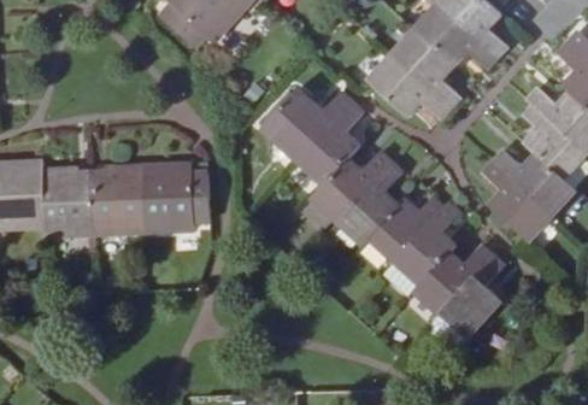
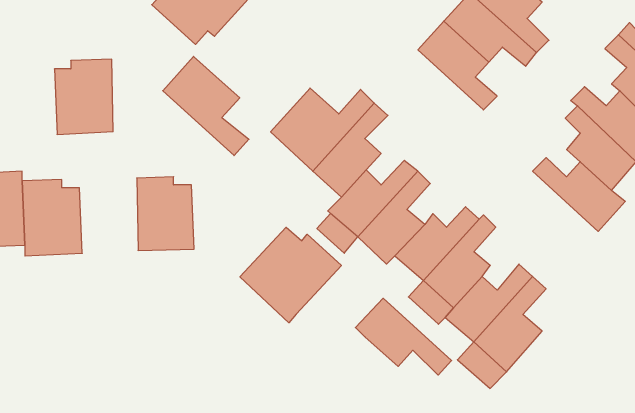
building: [369,53,451,118] -> none
building: none -> [163,56,249,156]
building: [483,160,552,240] -> none
building: [94,166,146,233] -> [54,59,113,134]
building: none -> [240,227,341,323]
building: none -> [355,298,452,375]

